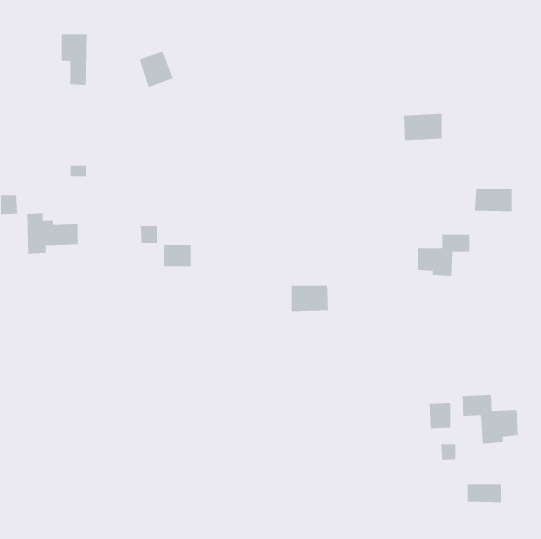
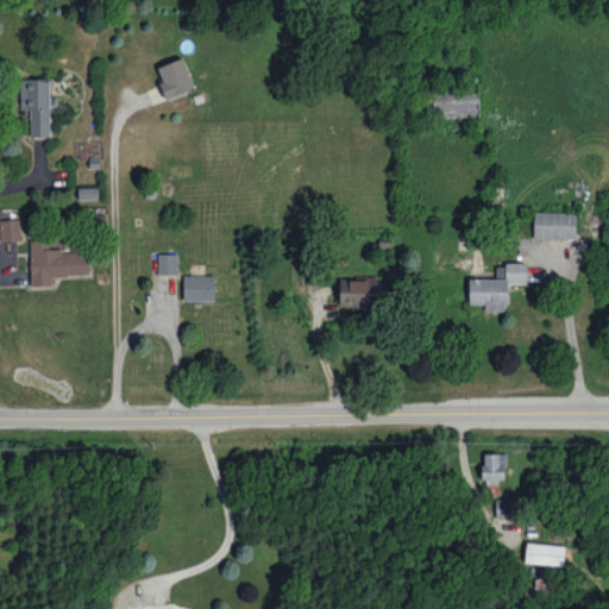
building: [61,34,87,86] -> [20,81,50,139]
building: [403,113,442,141] -> [434,89,478,120]
building: [291,285,329,312] -> [335,280,378,309]
building: [462,394,518,445] -> none

